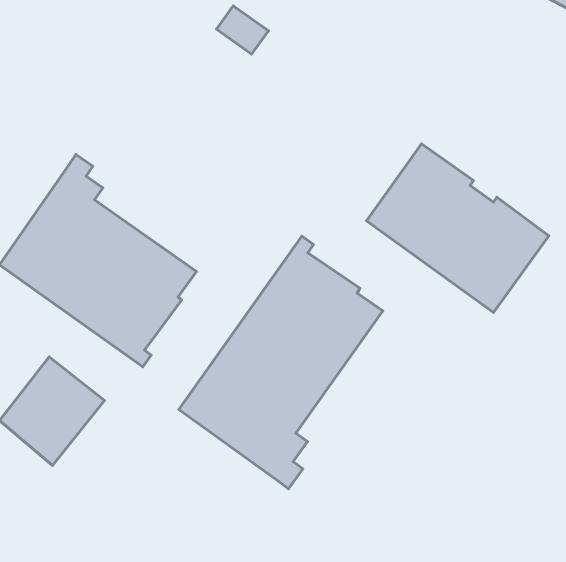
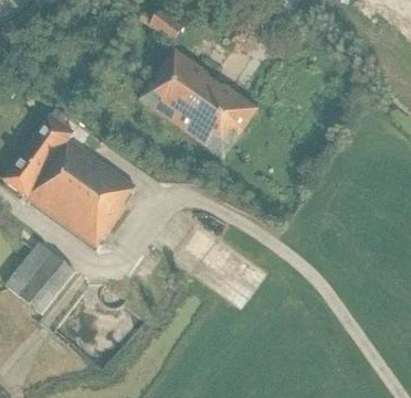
building: [366,144,549,313] -> [137,46,257,158]
building: [179,236,383,489] -> none

